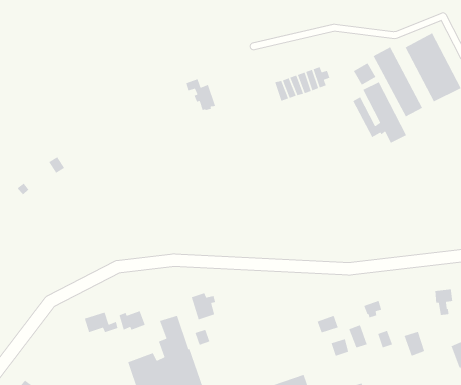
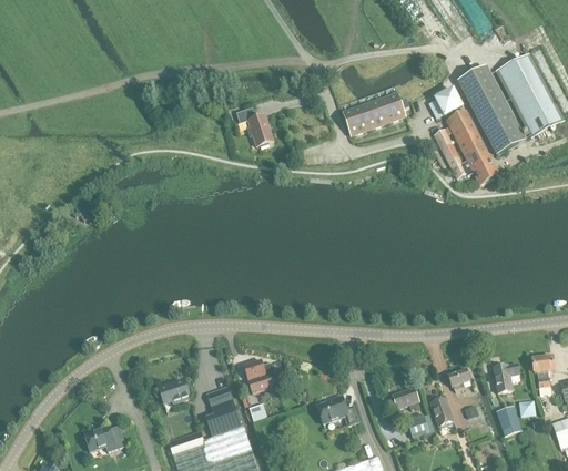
building: none -> [493,364,519,393]
building: [84,311,118,333] -> [84,427,125,452]
building: none -> [316,396,359,427]

